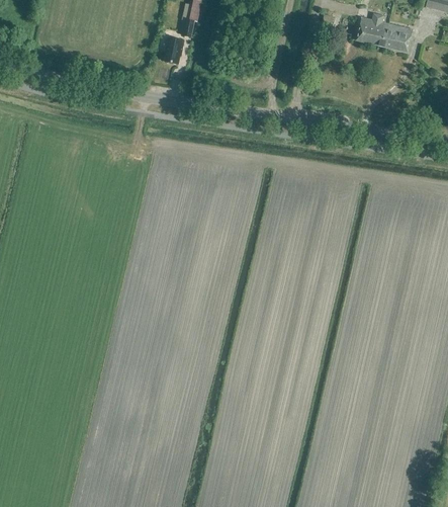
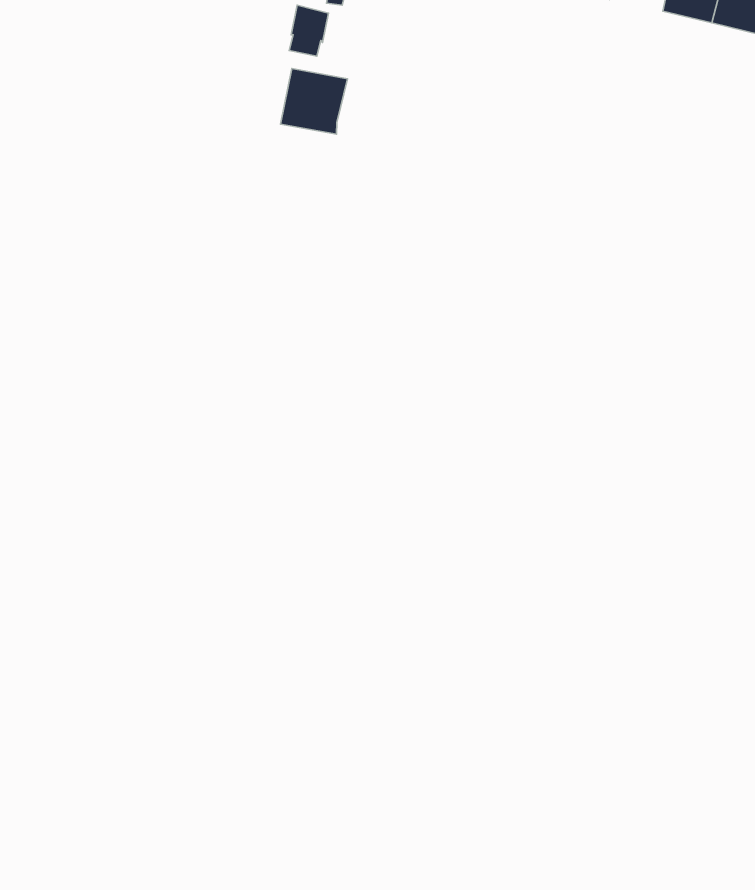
building: none -> [281,69,347,134]

